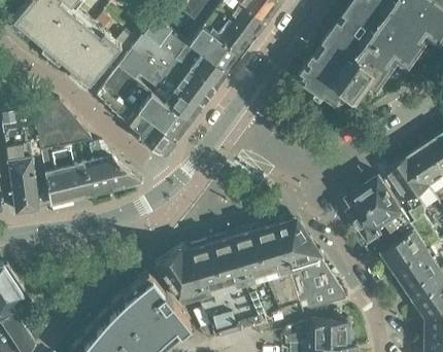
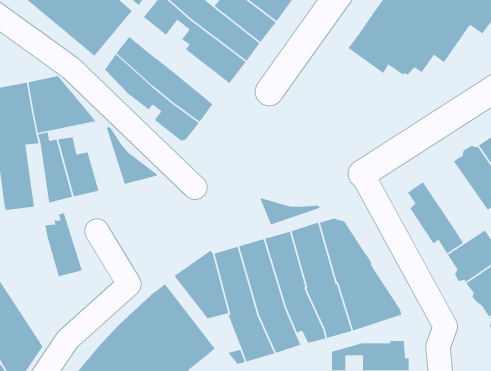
building: [117,51,201,124] -> none
building: [81,142,113,196] -> [45,213,83,277]
building: [362,176,413,239] -> none
building: none -> [259,198,321,225]

